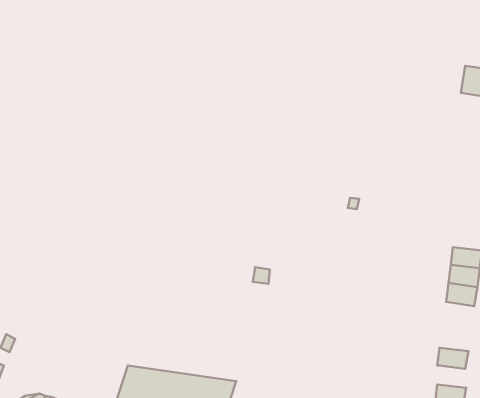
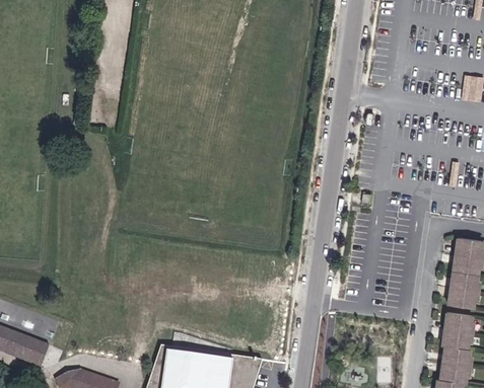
building: none -> [447,288,476,308]
building: none -> [444,312,473,332]
building: none -> [442,345,471,366]

